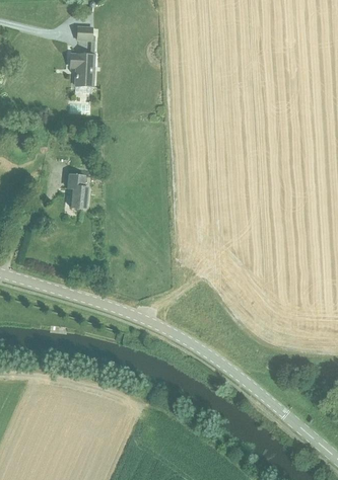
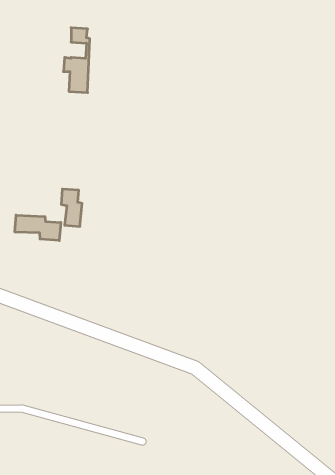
building: none -> [15,215,61,241]

